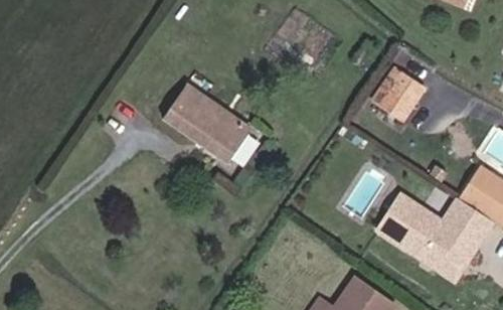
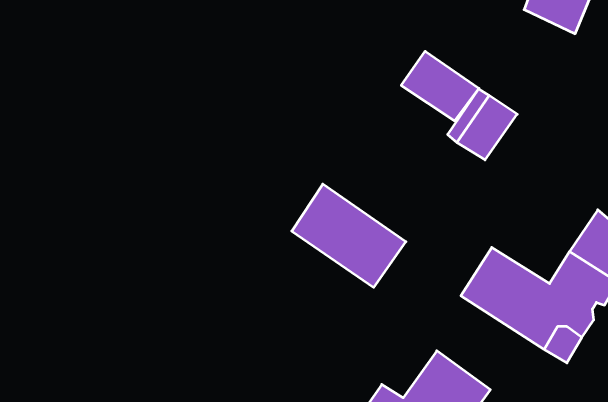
building: none -> [401,51,479,121]
building: [165,82,250,159] -> [292,184,406,287]

